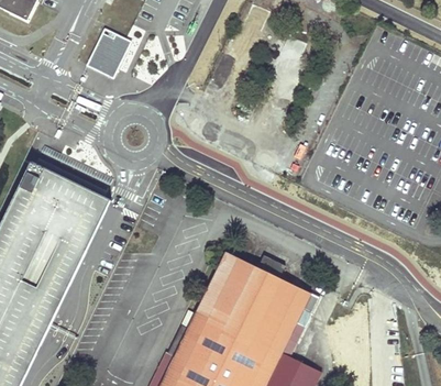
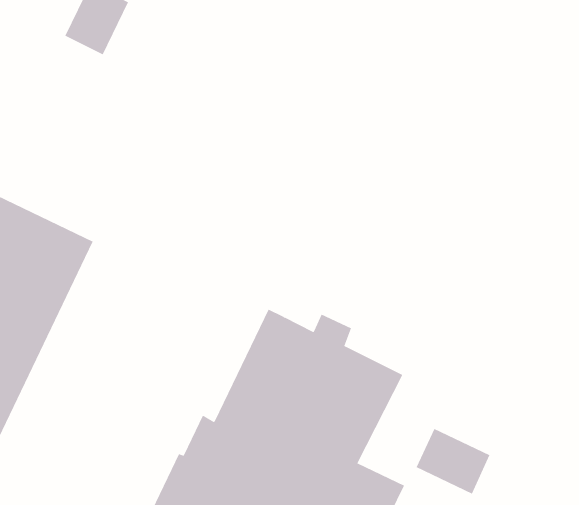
building: none -> [416,428,490,494]

